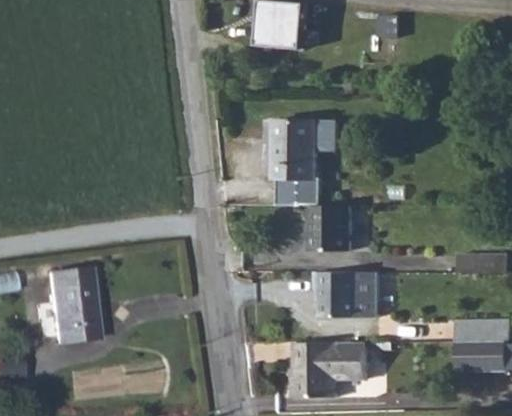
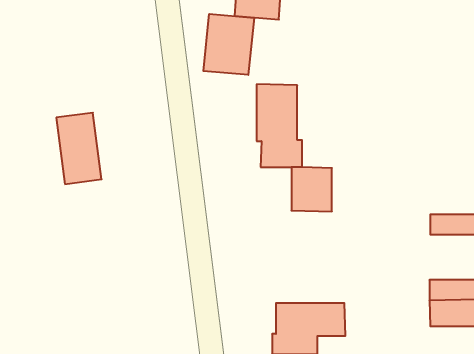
building: none -> [203,14,254,75]
building: [49,262,96,336] -> [56,113,102,184]
building: [312,275,378,320] -> none

